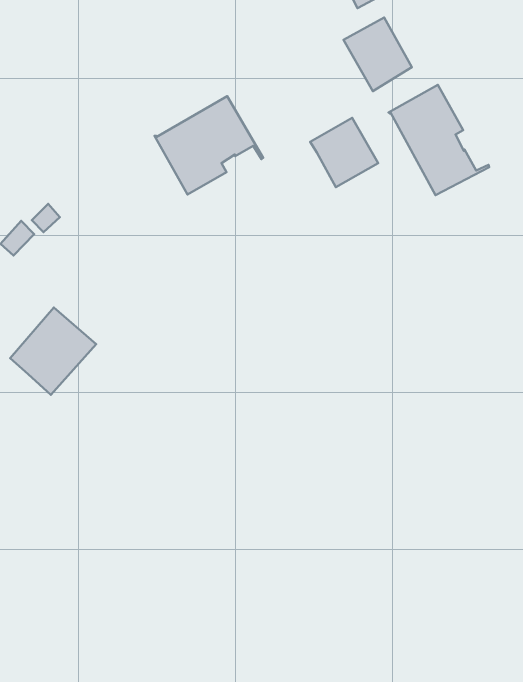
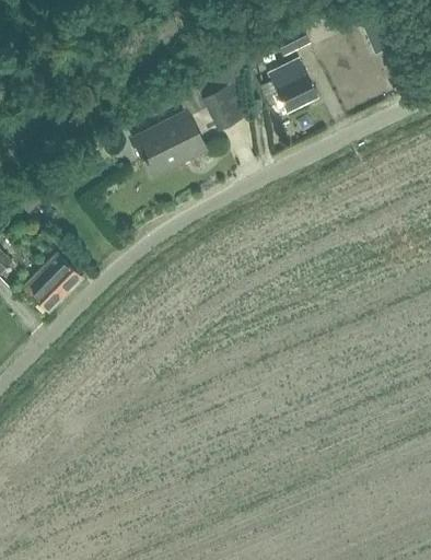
building: [388,85,489,195] -> none
building: [310,118,378,187] -> [203,82,251,130]

